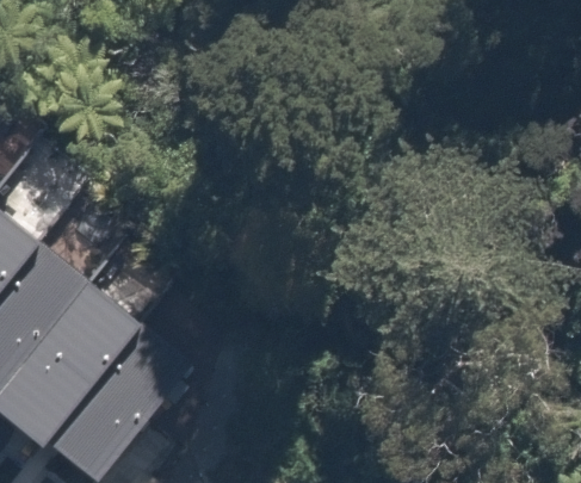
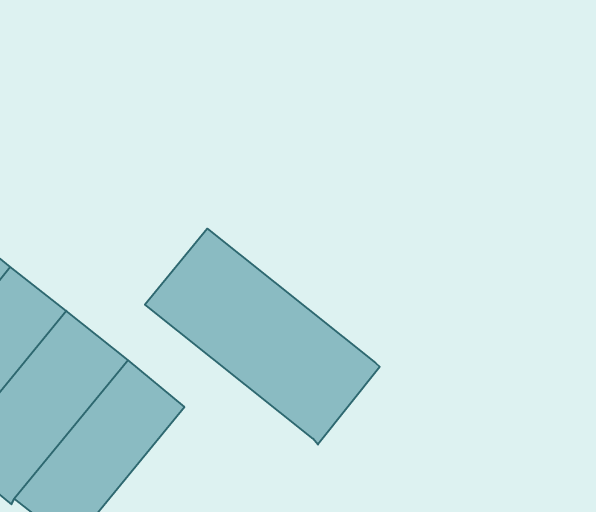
building: none -> [145,229,380,445]

